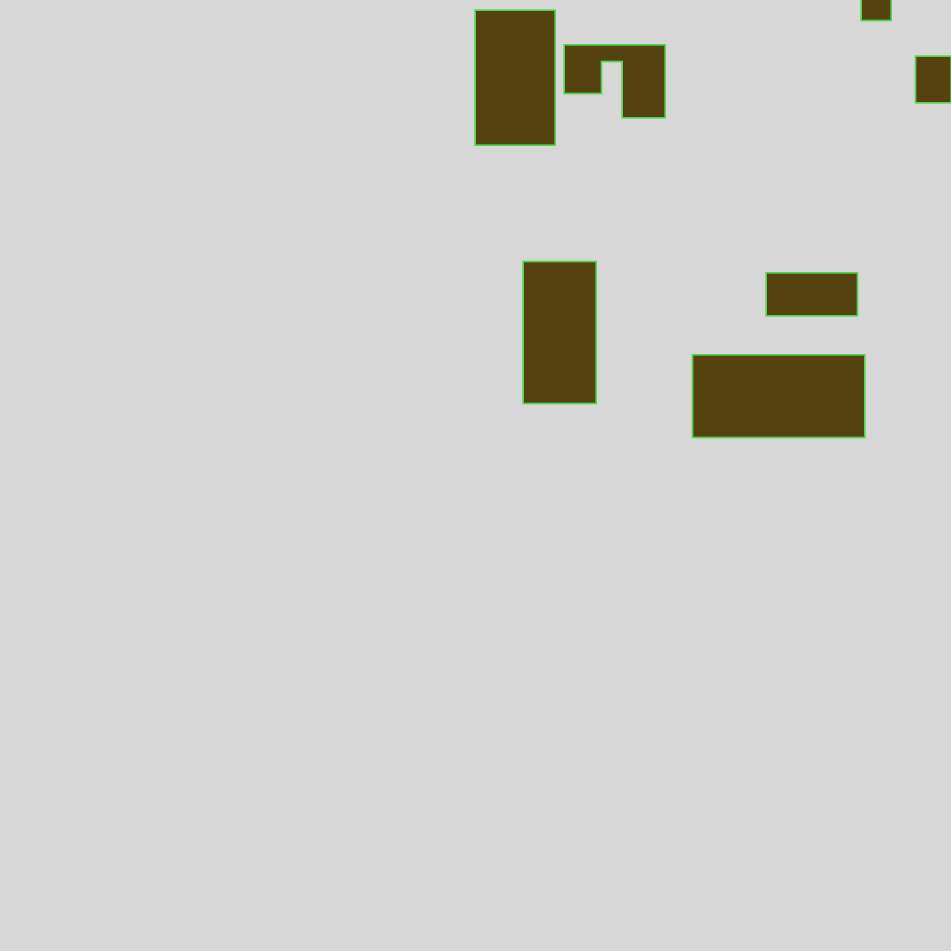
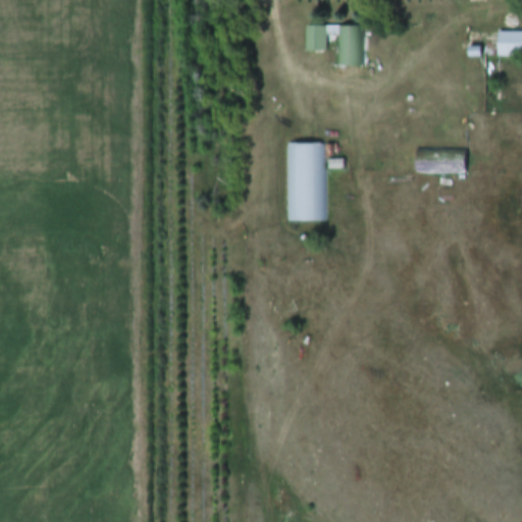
building: [475,10,555,145] -> none
building: [692,355,865,437] -> none

